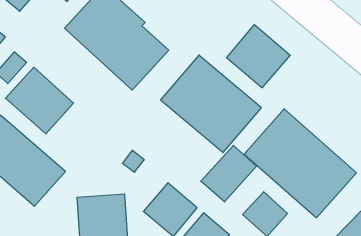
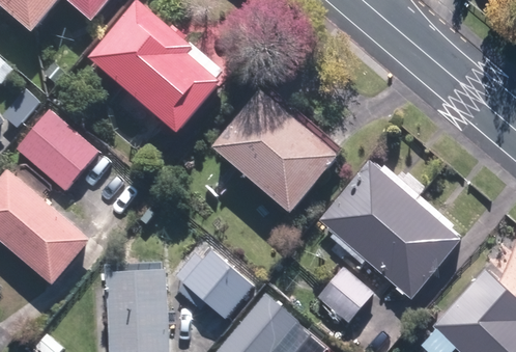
building: [227,25,290,88] -> none
building: [201,145,257,202] -> none

